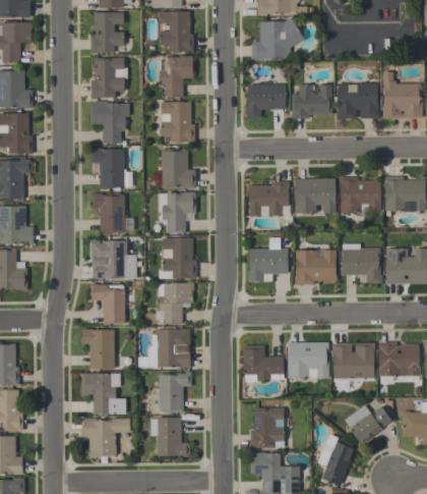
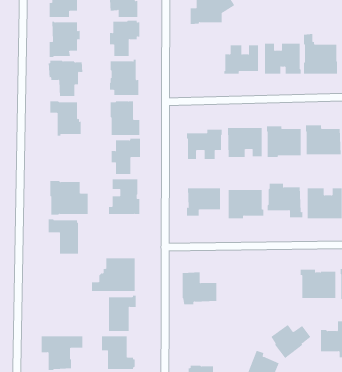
building: [246,85,286,118] -> none
building: [91,194,125,235] -> none
building: [158,283,194,324] -> none
building: [81,329,114,370] -> none
building: [289,342,328,378] -> none
building: [332,343,375,379] -> none
building: [81,374,126,414] -> none
building: [250,407,284,449] -> none

